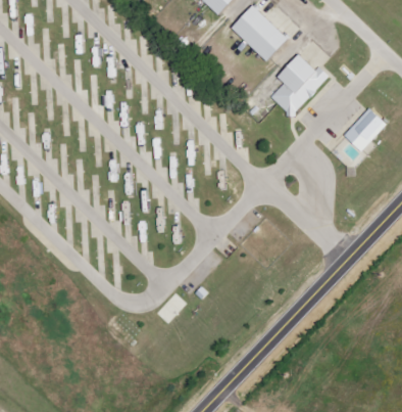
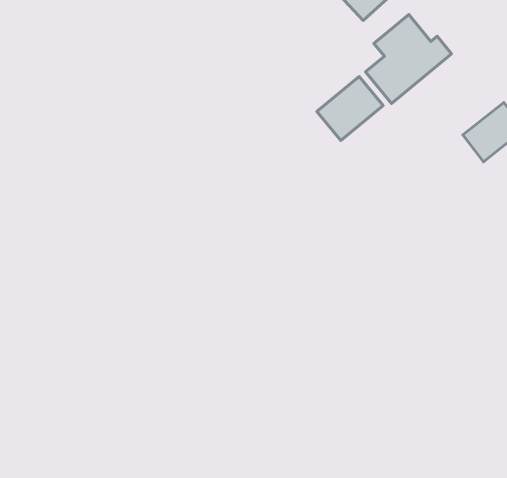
building: none -> [317,77,383,140]

